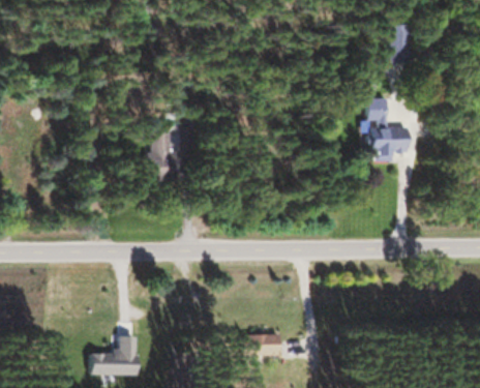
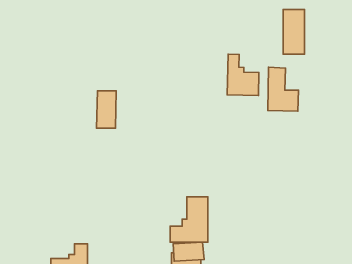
building: none -> [227,54,259,95]
building: none -> [170,197,208,242]

